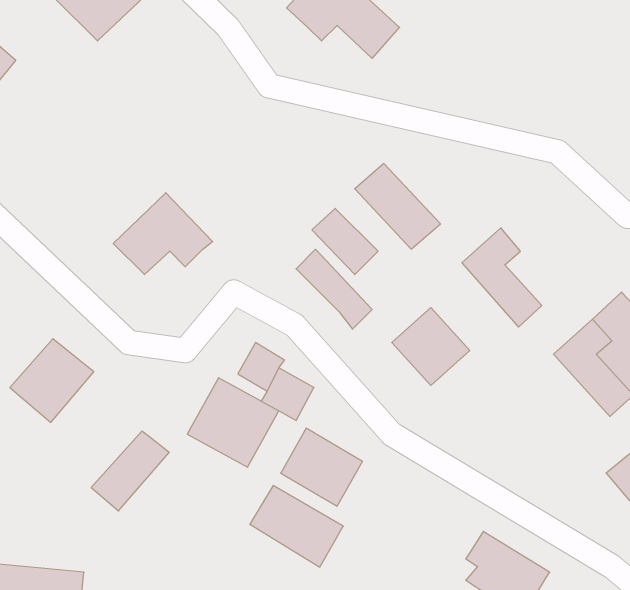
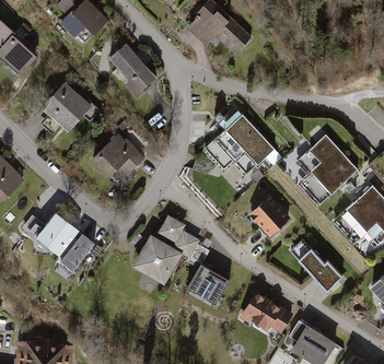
building: none -> [108,42,156,96]
building: none -> [40,80,92,131]
building: none -> [309,134,358,193]
building: [296,249,372,329] -> [216,128,258,173]
building: none -> [290,239,342,292]
building: [91,431,169,511] -> [53,233,96,278]
building: [250,485,343,567] -> [242,292,294,338]

